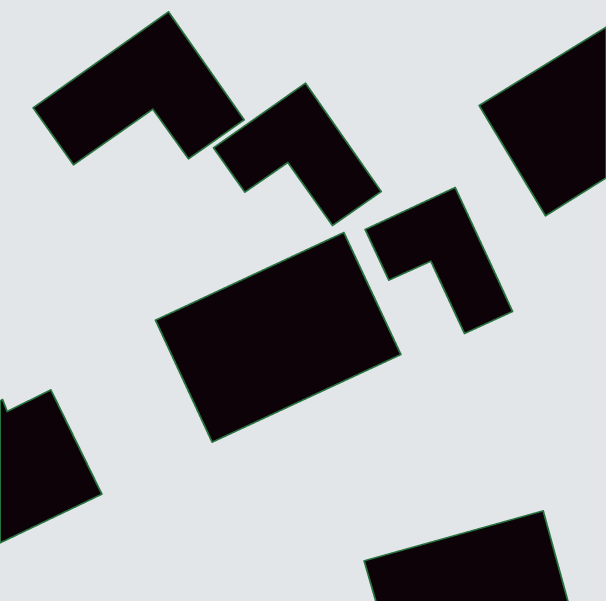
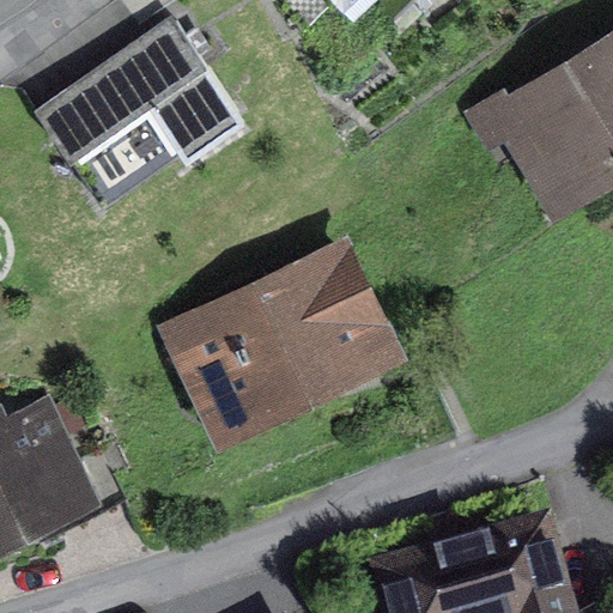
building: [214,83,381,226] -> none
building: [365,188,512,334] -> none

